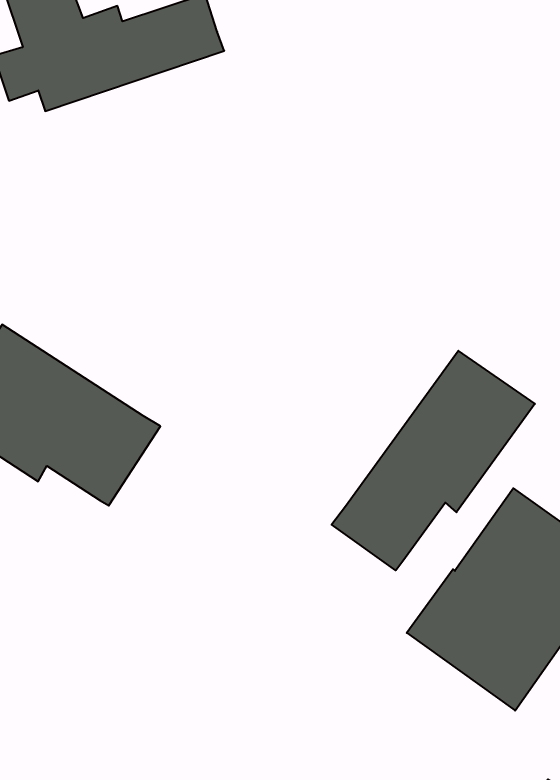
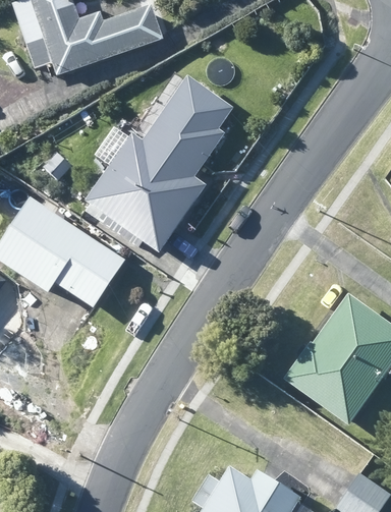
building: none -> [93,73,239,250]
building: [332,351,535,570] -> none

